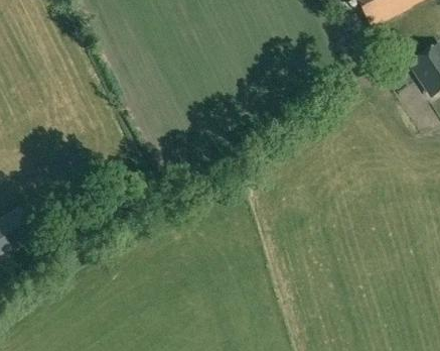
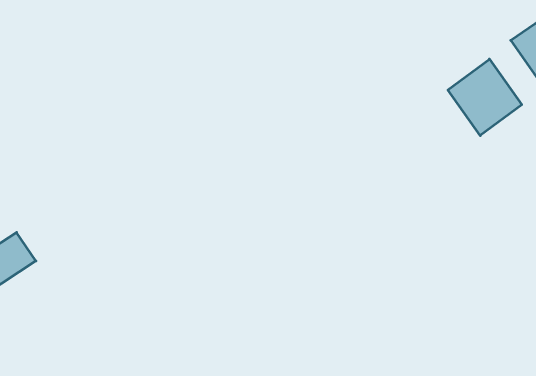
building: none -> [448,59,522,136]

